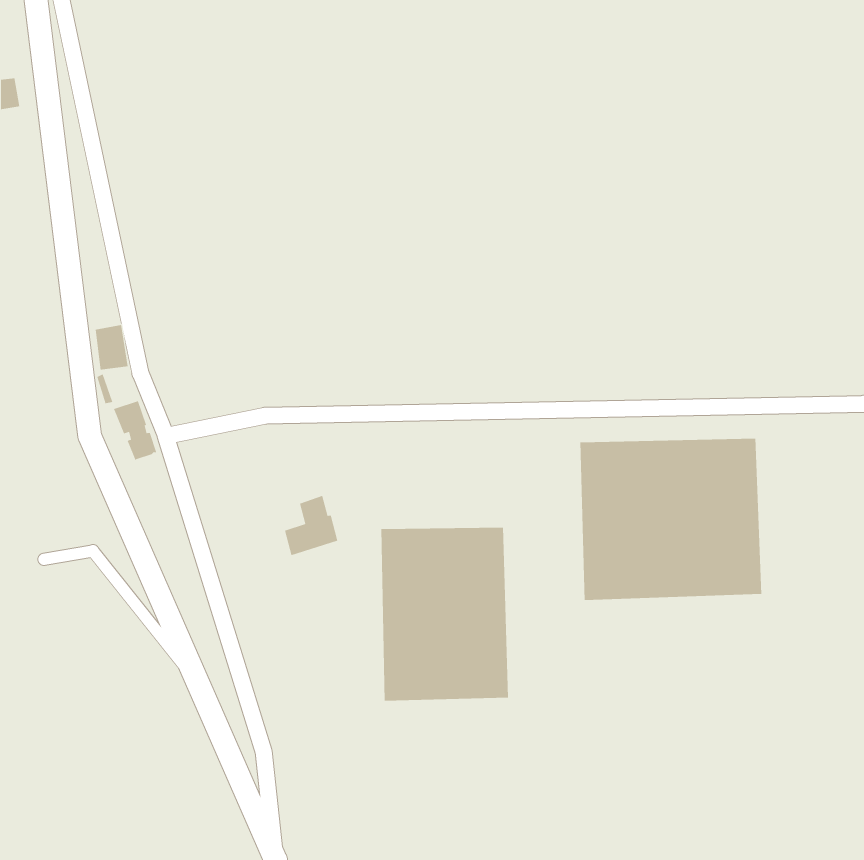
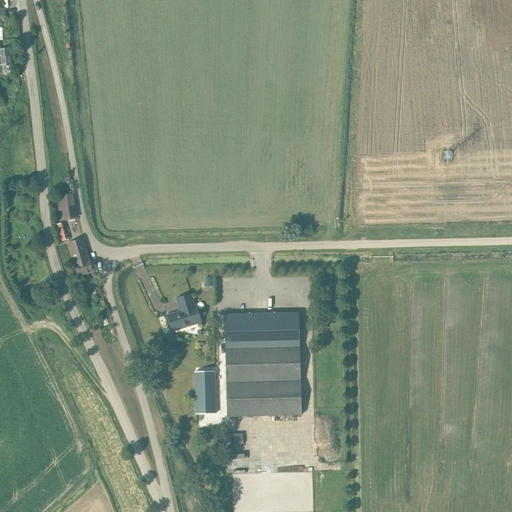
building: [580,438,762,601] -> none
building: none -> [194,370,216,412]

